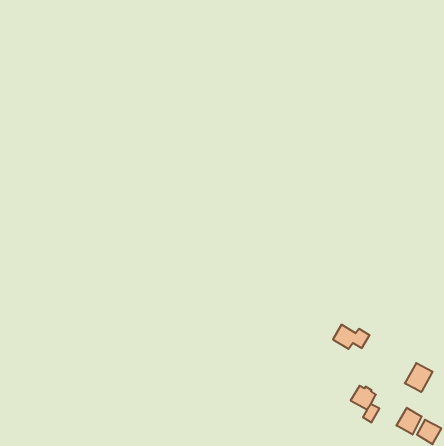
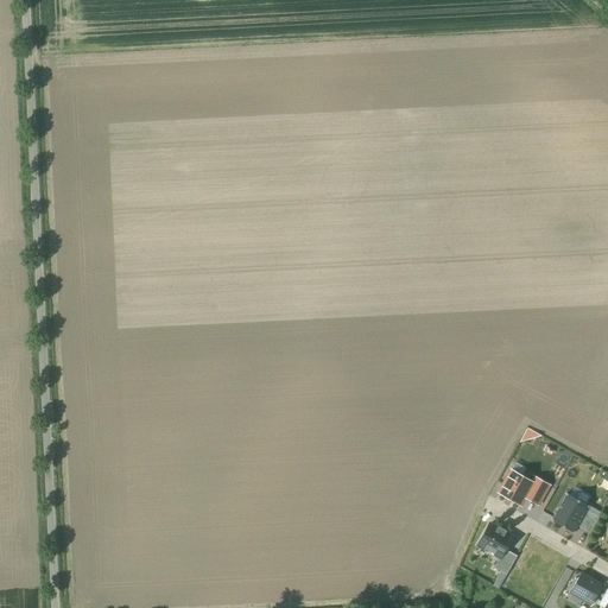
building: [333,325,370,349] -> [500,470,550,504]
building: [396,408,422,435] -> none

